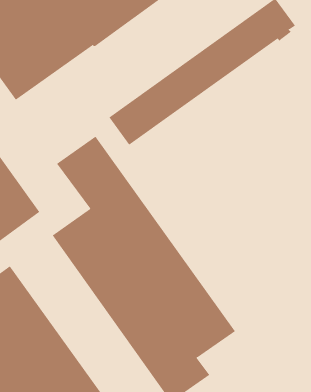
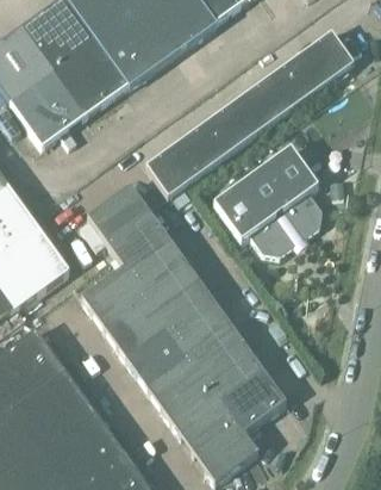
building: none -> [213,144,323,253]

